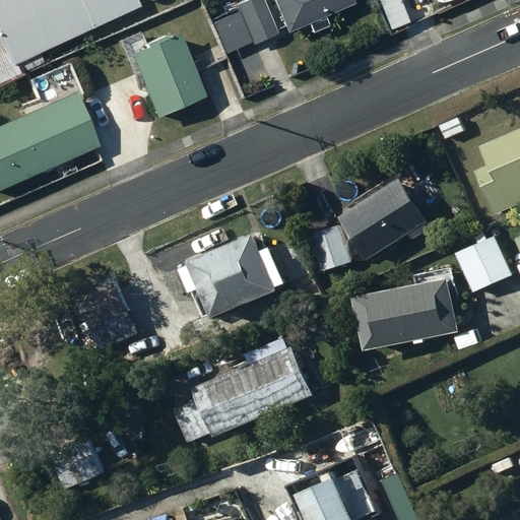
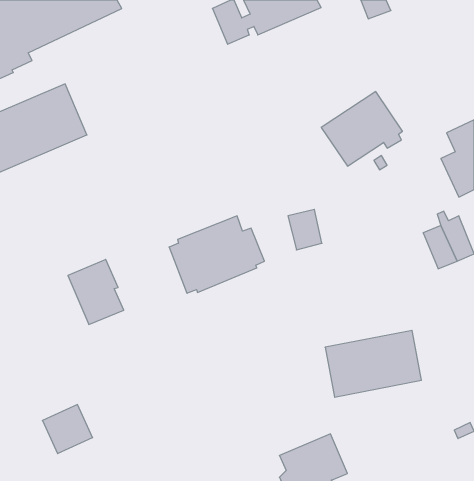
building: [125,35,200,118] -> none
building: [339,178,427,258] -> [321,92,402,166]
building: [355,277,459,349] -> [325,330,421,397]
building: [173,338,312,442] -> none

